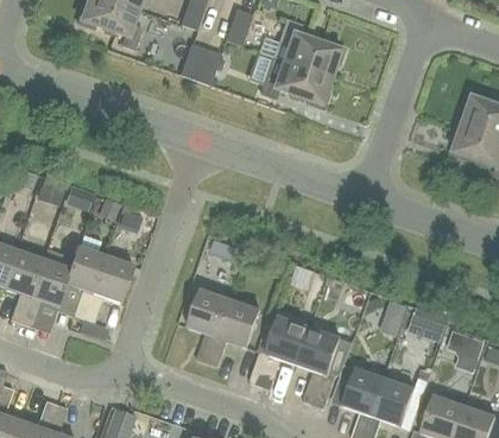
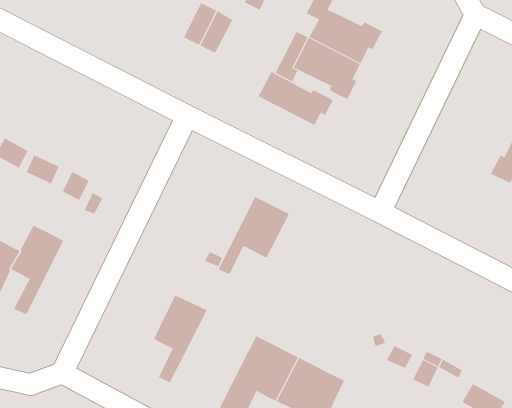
building: none -> [258,71,333,126]
building: [82,255,133,324] -> none
building: [208,297,261,364] -> [218,196,290,275]

